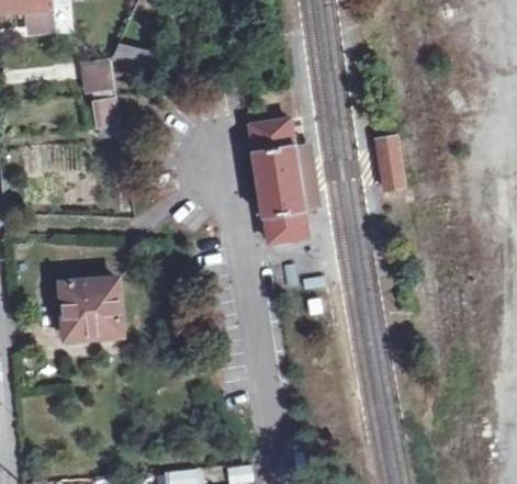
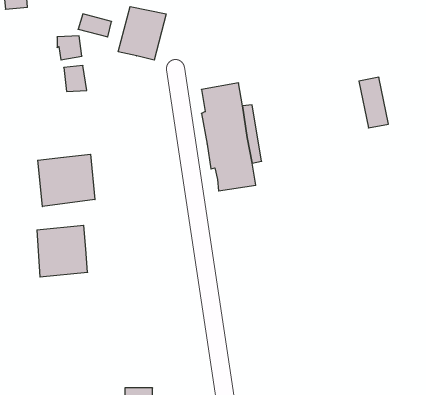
building: none -> [118,7,166,60]
building: [371,133,405,191] -> [359,77,388,128]
building: none -> [38,154,95,207]

